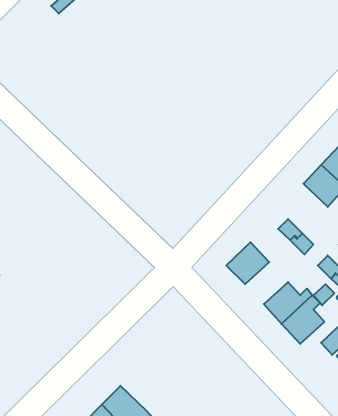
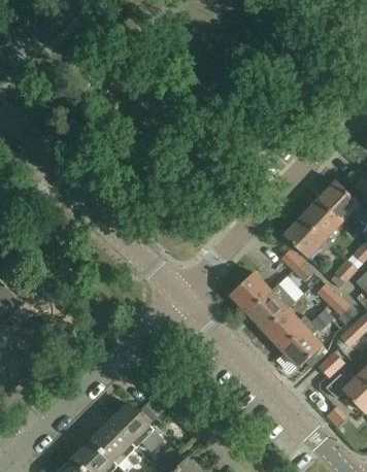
building: none -> [285,216,325,257]
building: none -> [247,282,296,329]

